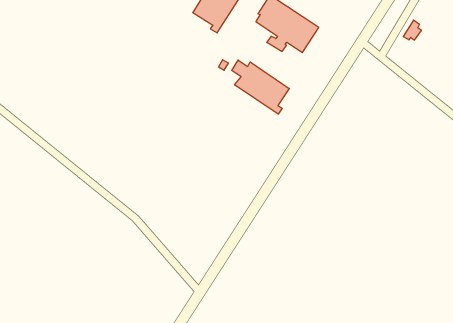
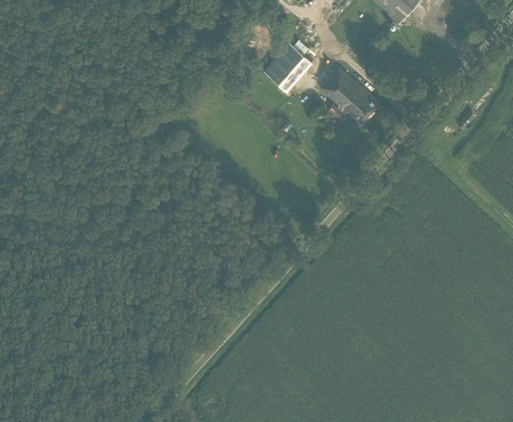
building: [232,60,289,114] -> none

